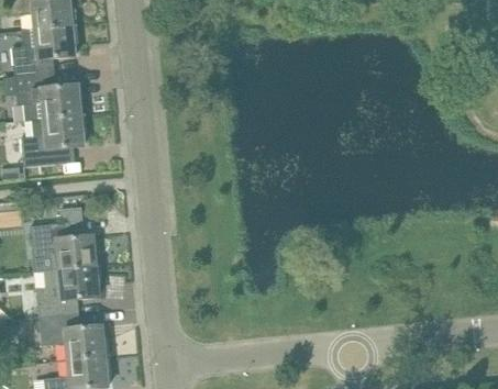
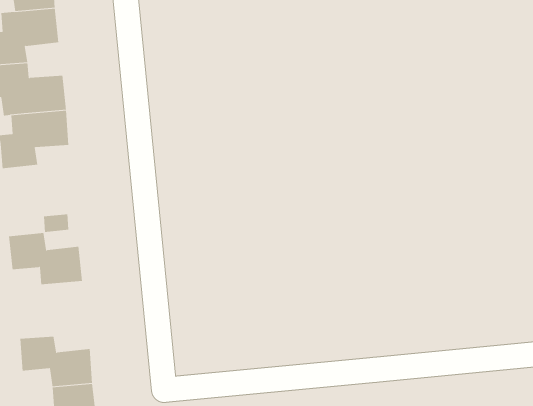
building: [36,266,99,316] -> none

